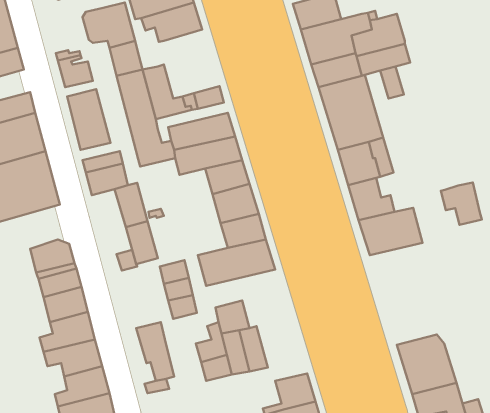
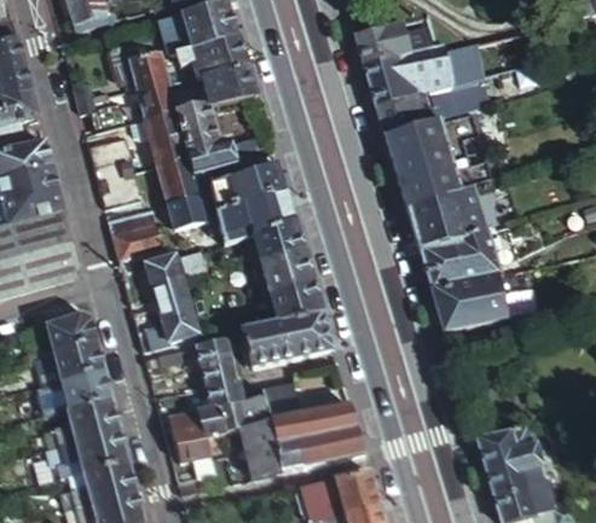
building: none -> [190,65,256,109]
building: [441,182,482,225] -> [452,229,500,279]
building: none -> [199,391,267,435]
building: none -> [312,405,366,461]

